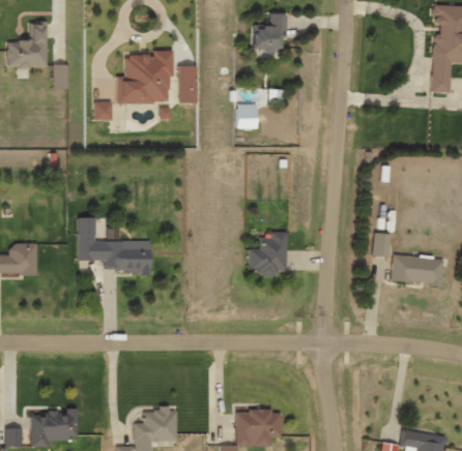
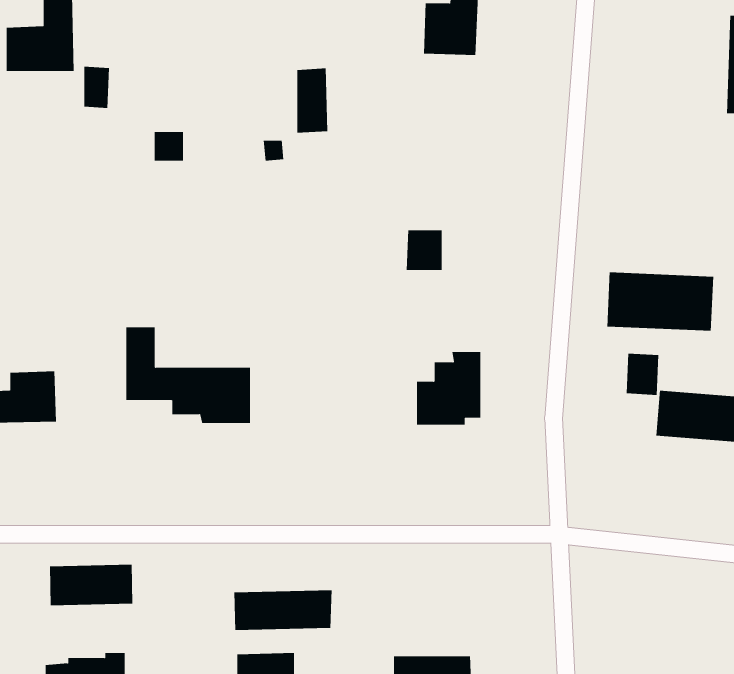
building: [117,51,173,103] -> none
building: [236,104,258,128] -> [406,230,443,270]
building: none -> [607,272,714,332]
building: none -> [49,564,133,606]
building: none -> [234,589,332,631]

